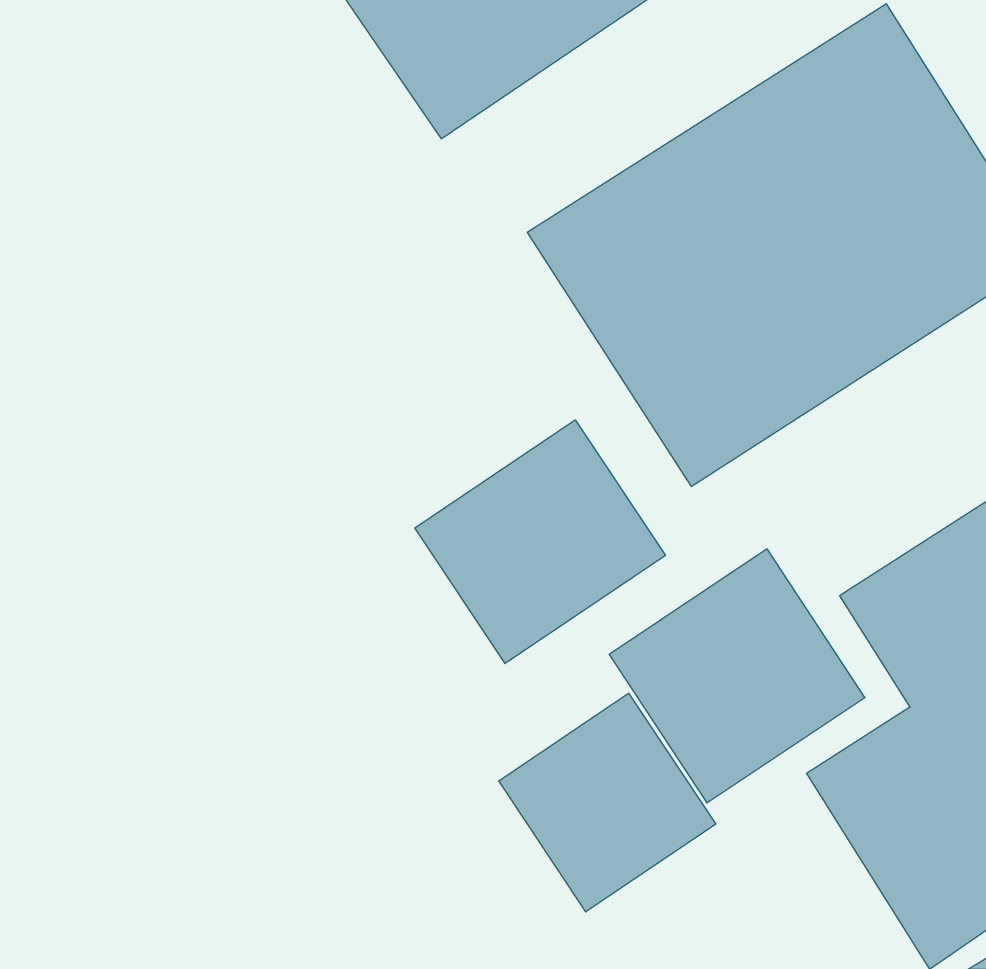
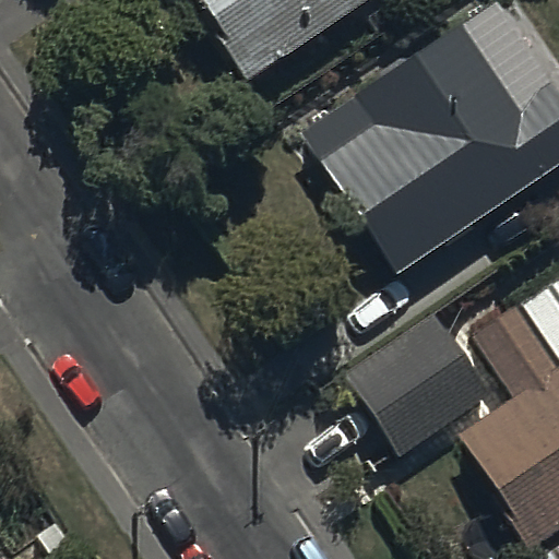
building: [415,420,665,664] -> none
building: [499,693,716,912] -> none

